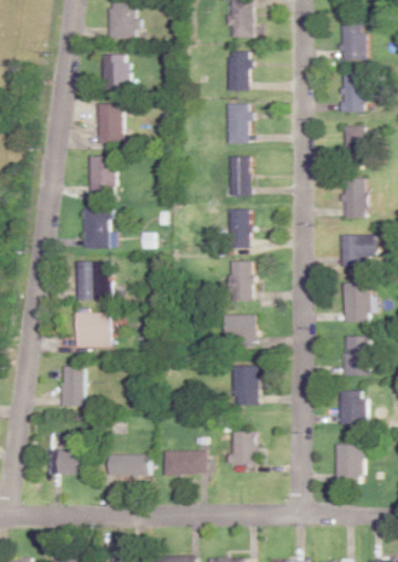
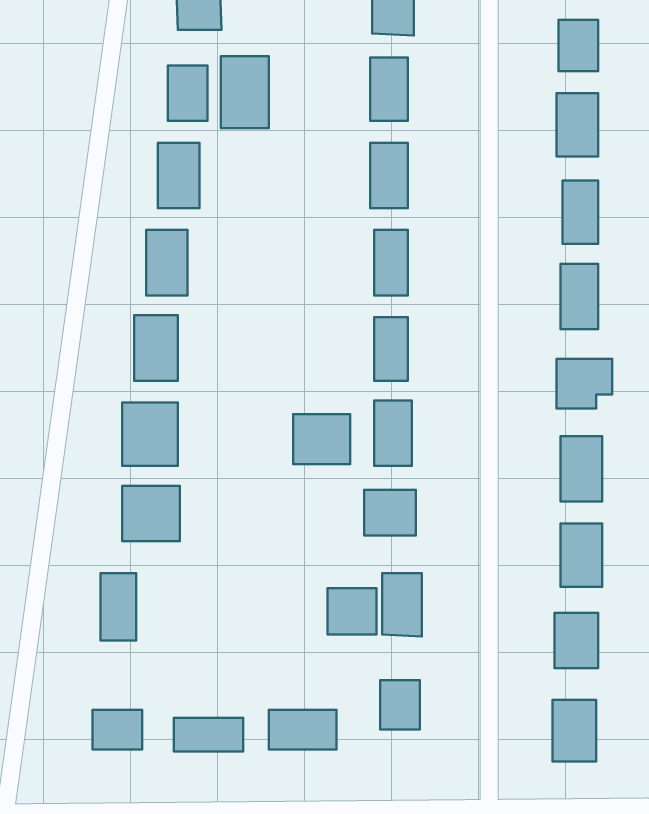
building: none -> [221,56,269,128]
building: none -> [293,414,350,464]
building: none -> [328,588,376,634]

